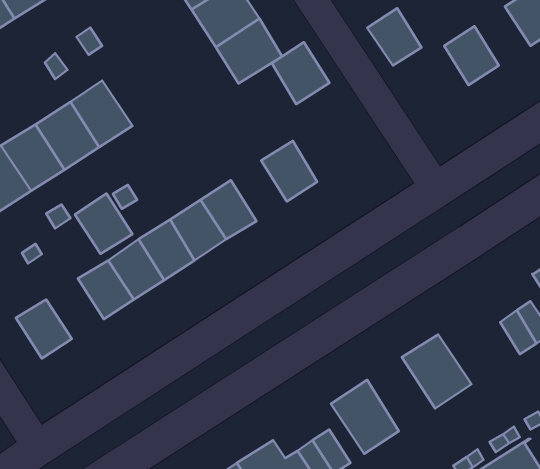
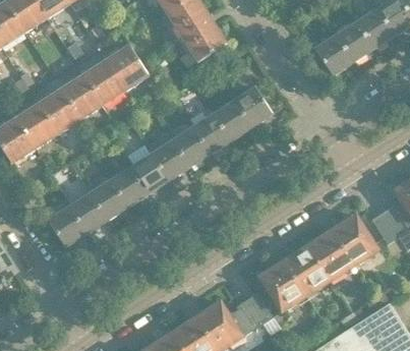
building: none -> [356,9,394,49]
building: [367,8,422,66] -> [315,36,352,74]
building: [272,42,329,104] -> [234,85,273,127]
building: none -> [106,45,149,90]
building: none -> [192,113,230,154]
building: [75,193,132,254] -> [68,192,107,233]
building: none -> [332,215,378,264]
building: none -> [284,245,330,295]

